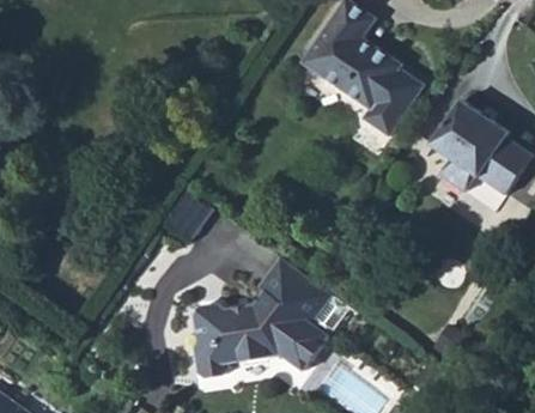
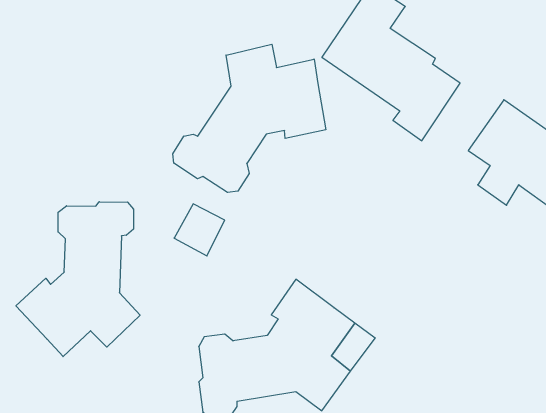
building: none -> [173,44,326,192]
building: none -> [16,202,140,357]

